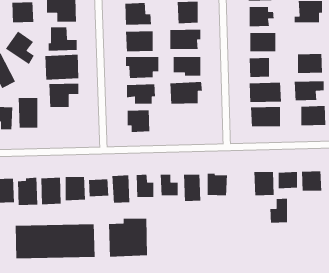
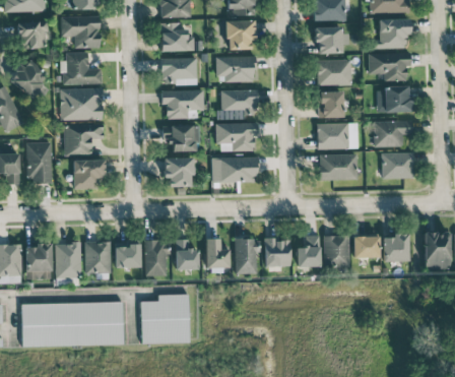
building: none -> [369,53,411,81]
building: none -> [211,156,257,183]
building: none -> [74,160,106,189]
building: [269,198,288,224] -> [297,235,320,267]

